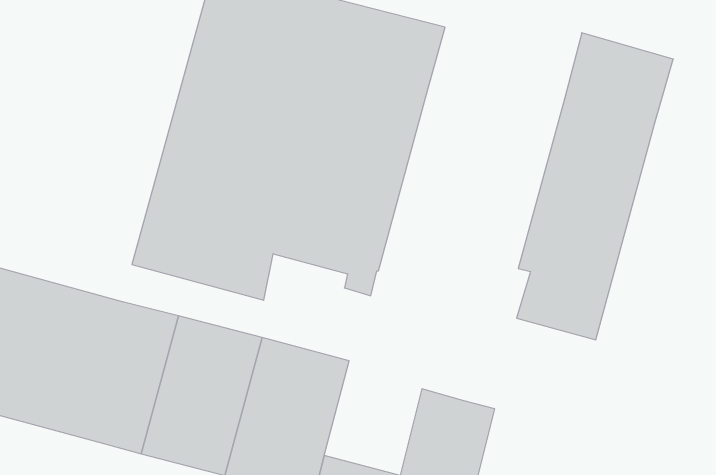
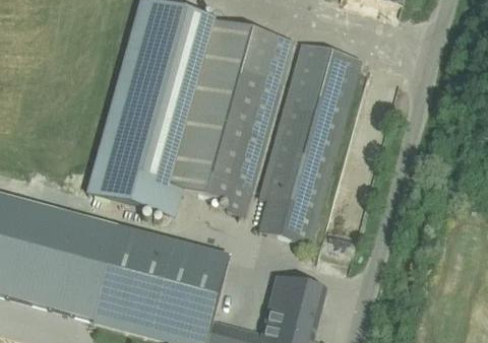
building: [517,33,673,340] -> [258,41,361,242]

